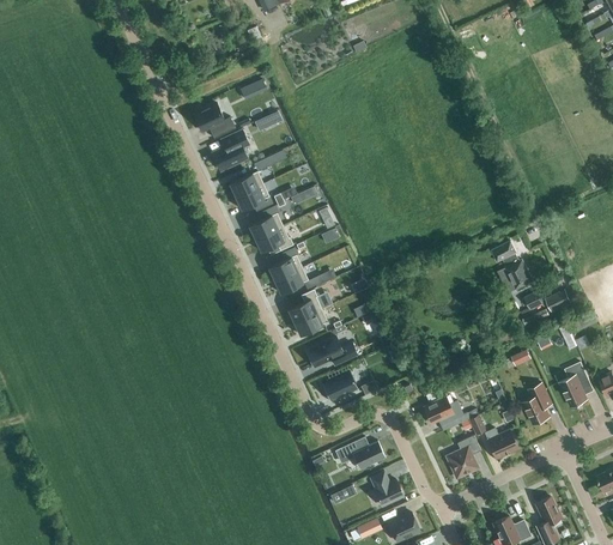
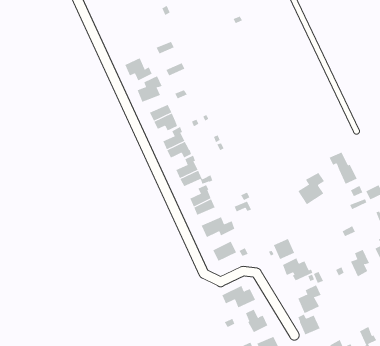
building: none -> [298,172,325,205]
building: none -> [273,238,295,260]
building: [485,428,518,459] -> [298,314,321,335]

